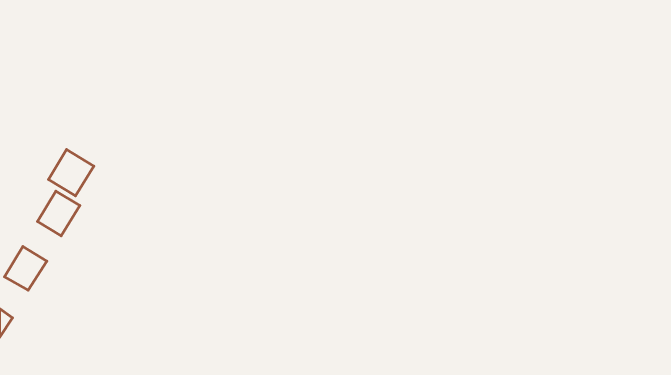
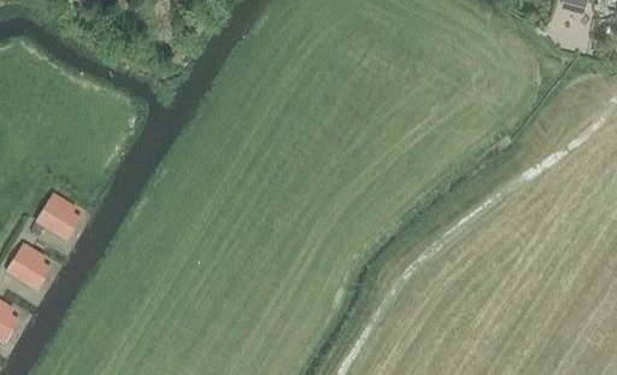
building: [49,150,94,196] -> none

